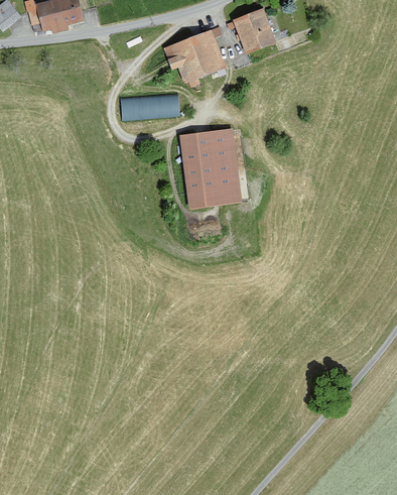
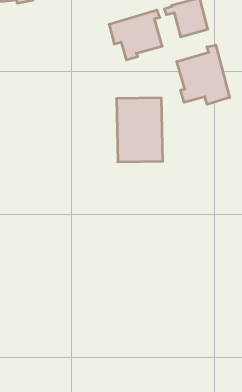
building: none -> [177,45,230,104]
building: [120,94,177,117] -> none

